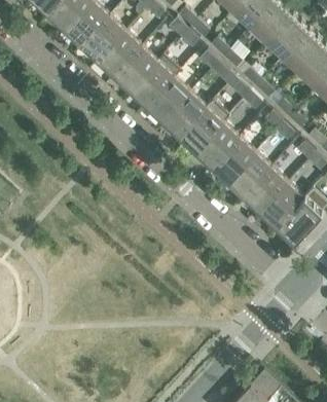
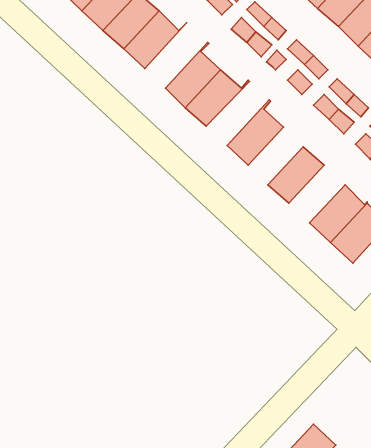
building: [131,56,180,107] -> none
building: [179,102,228,152] -> none
building: [212,138,255,183] -> none
building: [244,168,288,213] -> none

